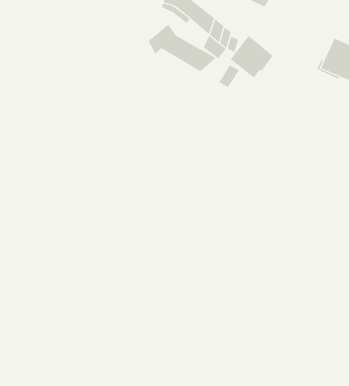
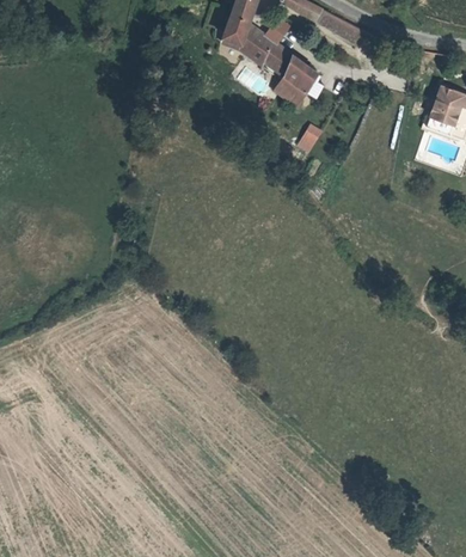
building: [148,24,217,72] -> none
building: [230,35,274,79] -> none

